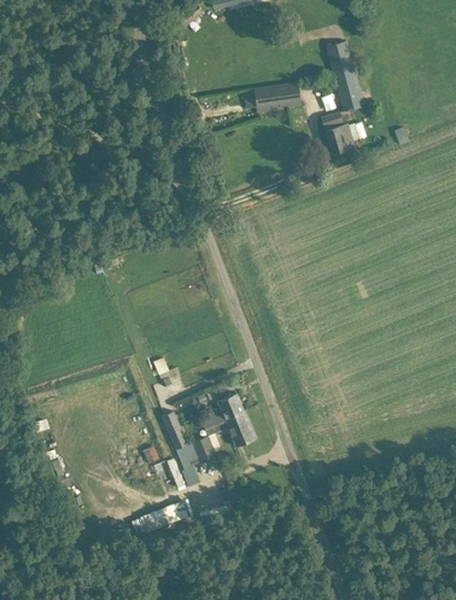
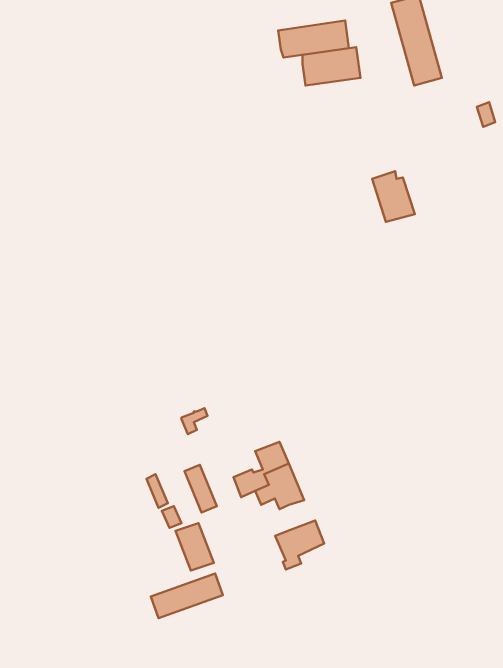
building: none -> [278,21,349,57]
building: [322,112,356,152] -> [372,171,415,222]
building: [176,437,215,476] -> [275,521,324,570]

